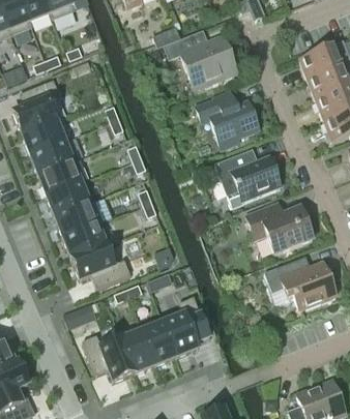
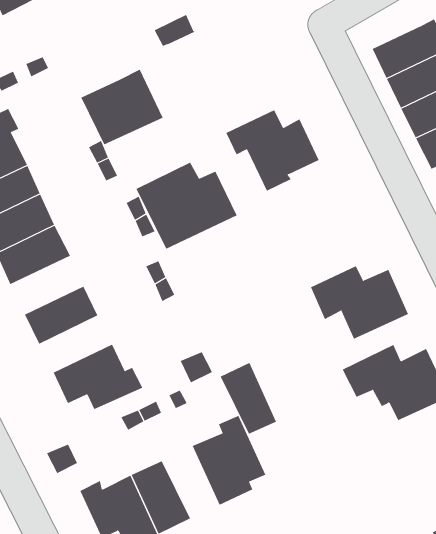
building: [182,36,237,86] -> [81,69,163,145]
building: [214,148,282,206] -> [136,162,237,250]
building: [46,182,95,219] -> none
building: [62,223,112,260] -> none
building: [140,316,176,364] -> [220,362,277,435]

